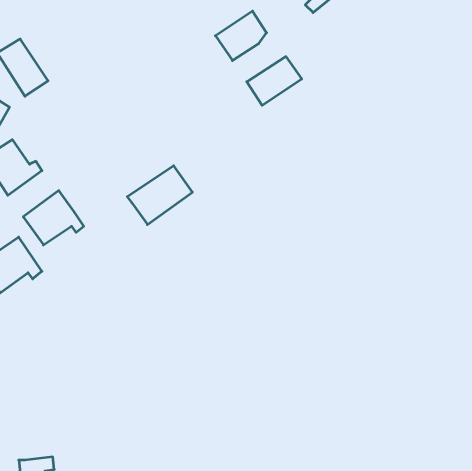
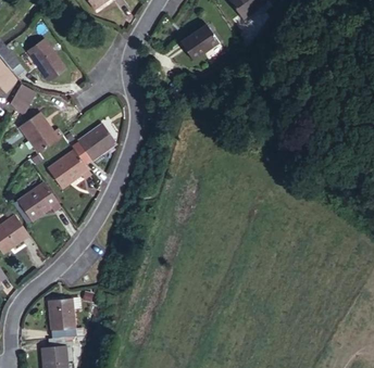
building: [247,57,302,105] -> none
building: [127,166,192,225] -> [70,124,115,165]
building: none -> [46,299,72,339]

